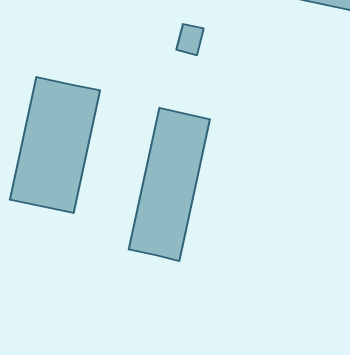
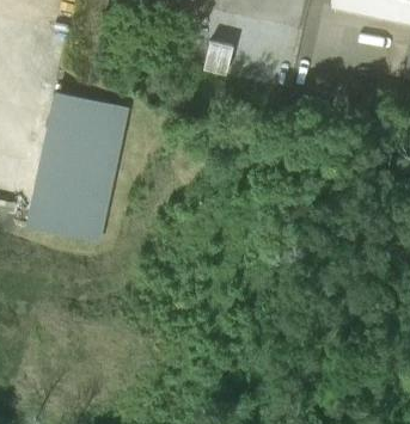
building: [129,108,210,261] -> none

